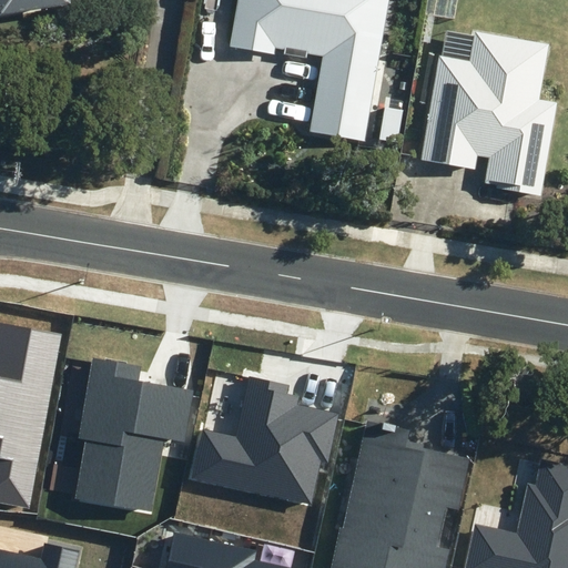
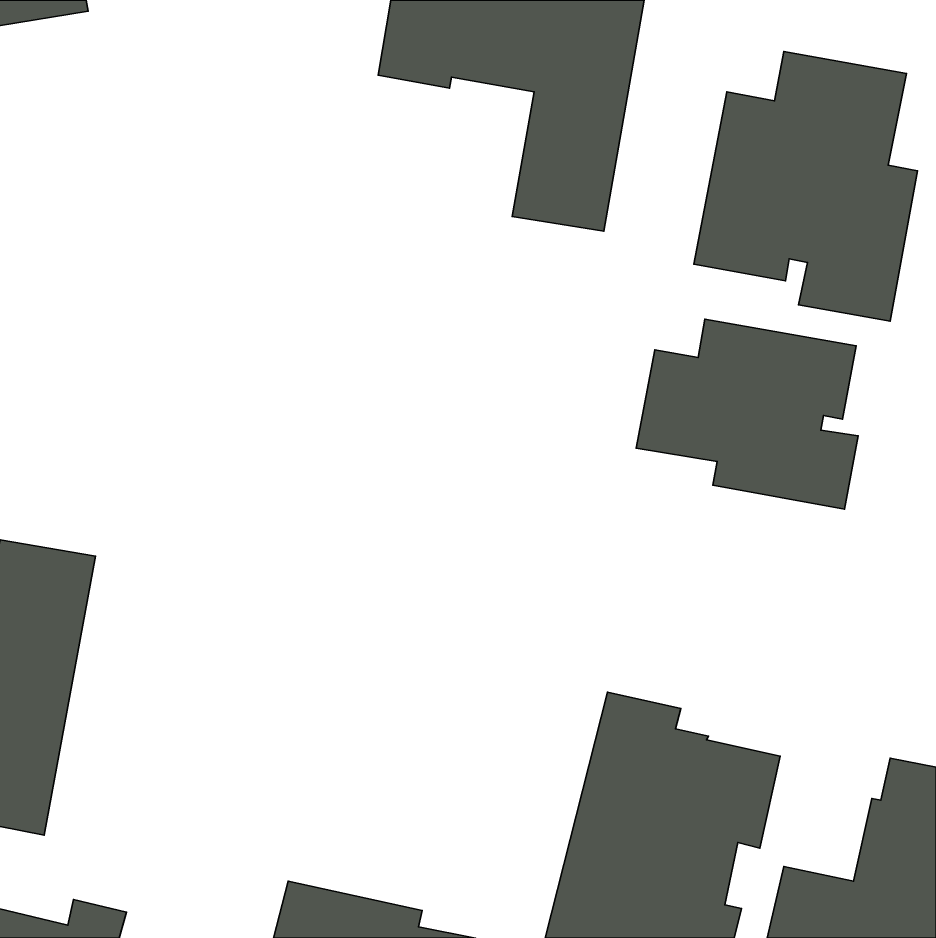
building: none -> [636,319,858,509]
building: [75,356,193,510] -> none
building: [190,376,337,504] -> none

